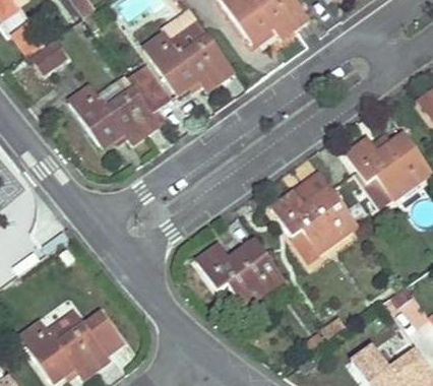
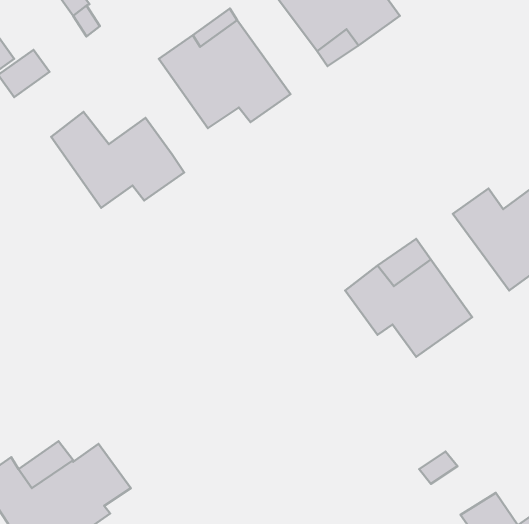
building: [128,65,171,112] -> none
building: [196,238,285,305] -> none

